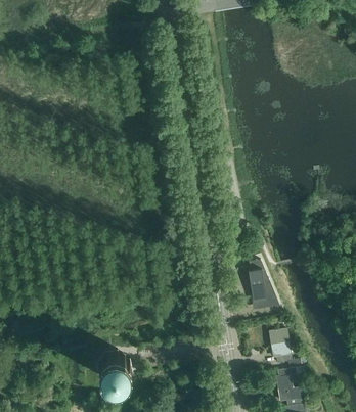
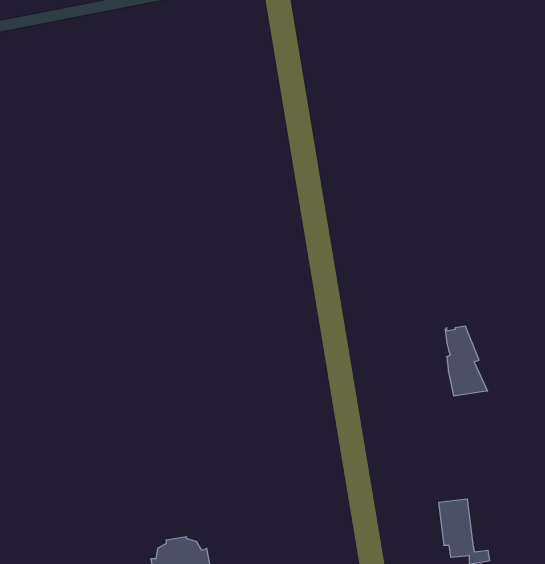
building: [250,264,275,306] -> [445,326,488,396]

